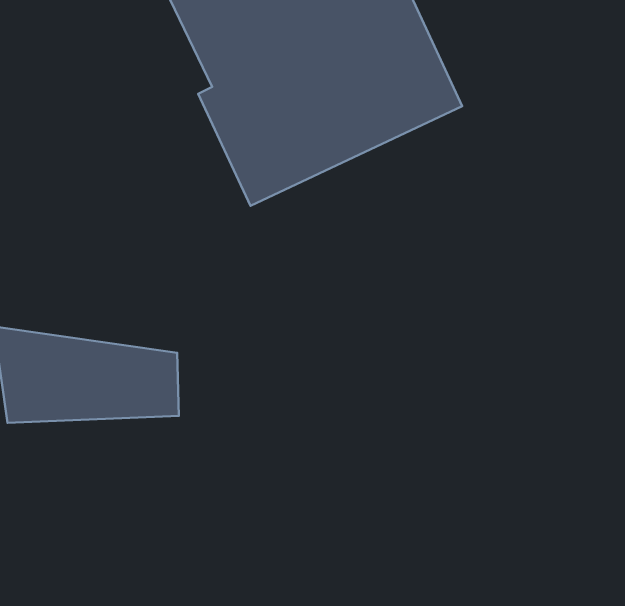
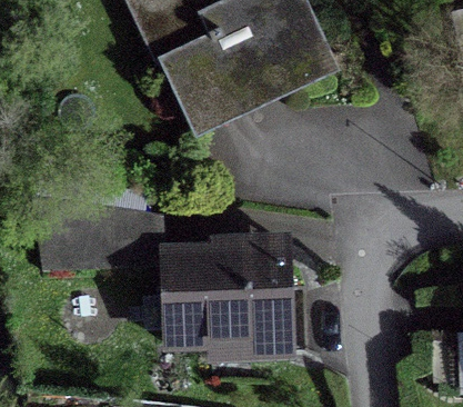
building: none -> [163,245,290,354]

